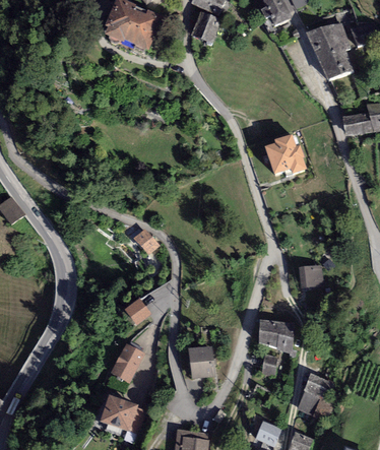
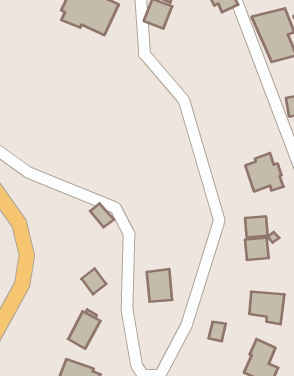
building: [264,133,305,174] -> [245,153,284,191]
building: none -> [245,216,267,237]
building: [257,319,295,353] -> [249,292,285,324]
building: [187,344,214,379] -> [147,269,172,302]

